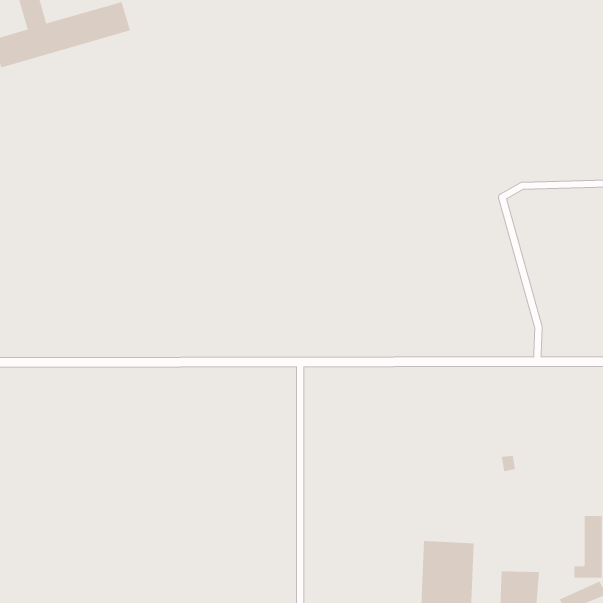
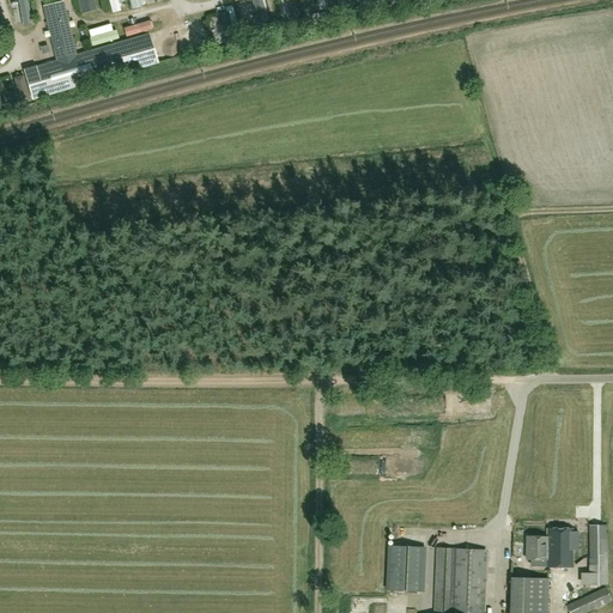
building: none -> [526,527,572,566]
building: none -> [386,545,424,589]

